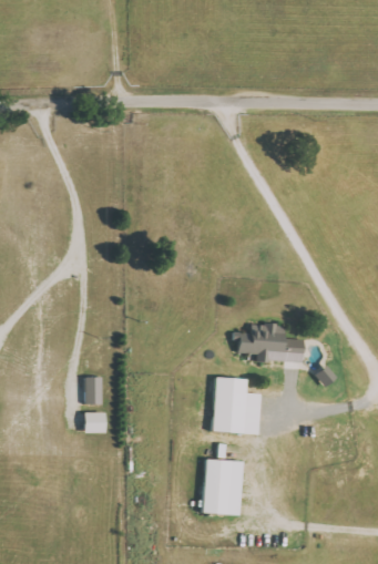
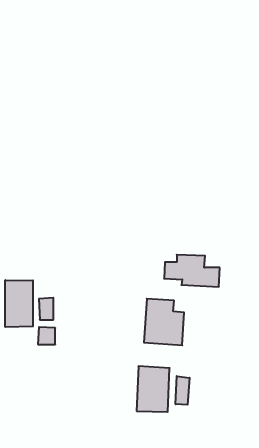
building: none -> [5,280,33,327]
building: none -> [176,376,190,405]

